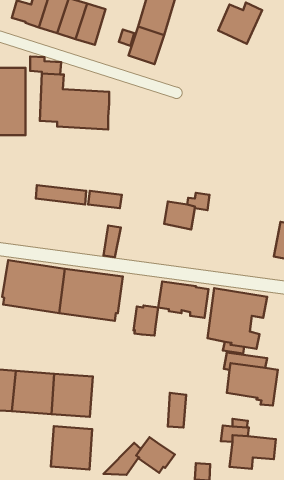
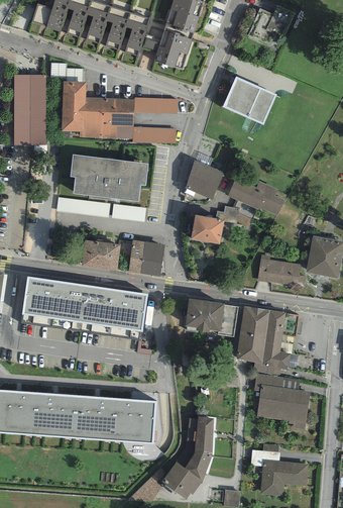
building: none -> [118,12,149,56]
building: none -> [222,76,276,124]
building: none -> [133,97,178,113]
building: none -> [132,125,176,143]
building: none -> [70,155,147,200]
building: none -> [186,160,223,199]
building: none -> [228,178,285,215]
building: none -> [81,238,120,270]
building: none -> [139,241,164,276]
building: none -> [257,253,306,287]
building: [134,306,158,336] -> none
building: [51,426,92,470] -> [113,398,156,443]
building: none -> [184,450,211,480]

